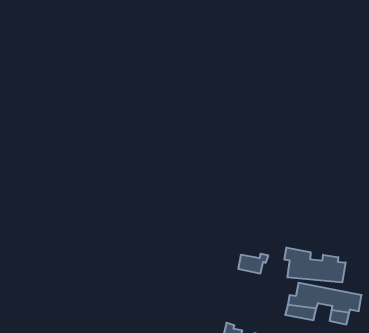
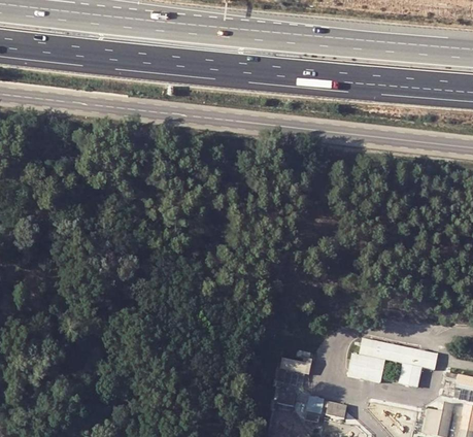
building: [285,247,346,282] -> none
building: [238,254,268,273] -> [276,358,311,380]

